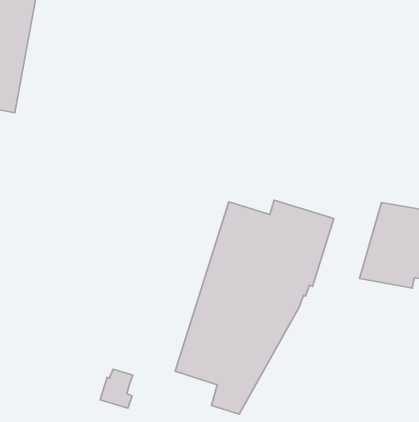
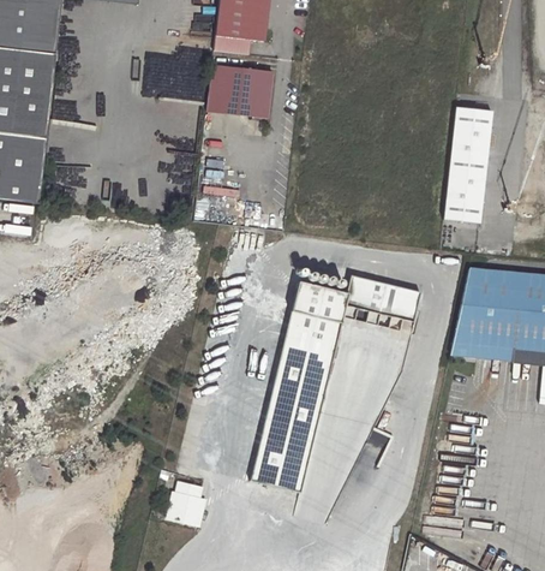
building: none -> [208,65,274,117]
building: none -> [445,105,493,219]

